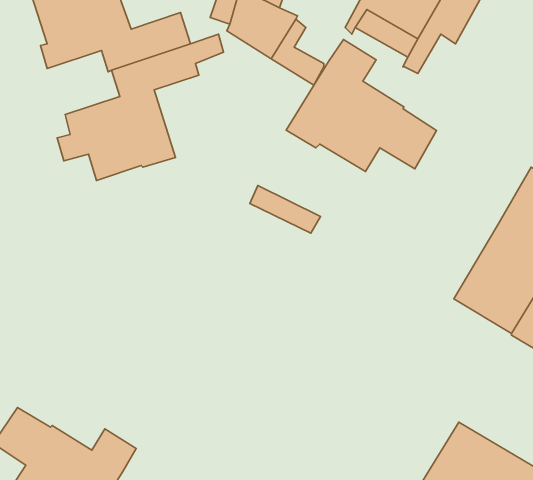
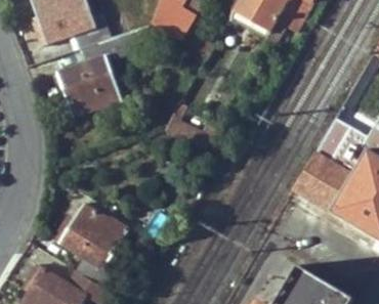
building: [286,39,437,172] -> none
building: none -> [55,202,129,290]

